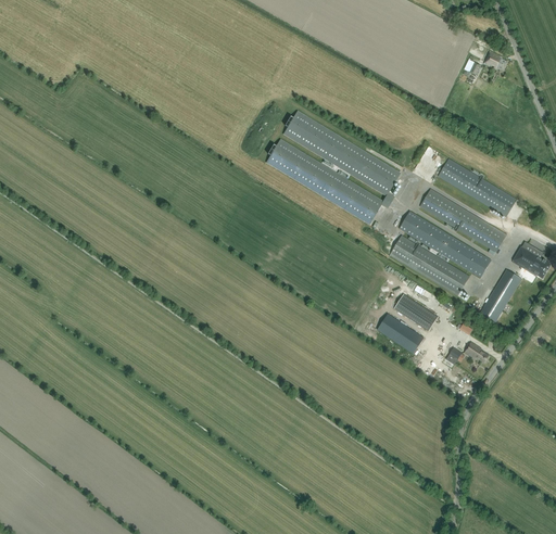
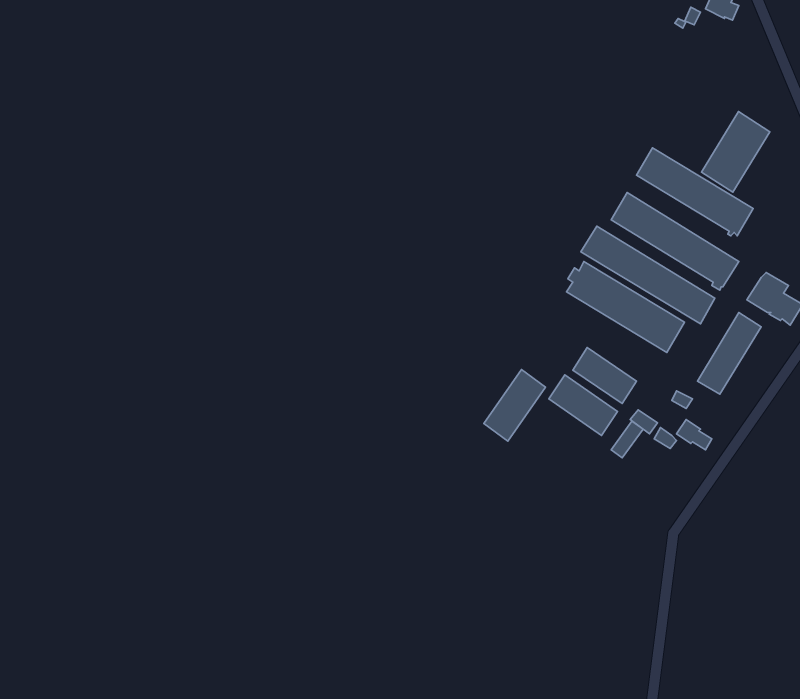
building: [266,111,400,224] -> none
building: none -> [701,112,770,192]
building: none -> [484,370,545,441]

